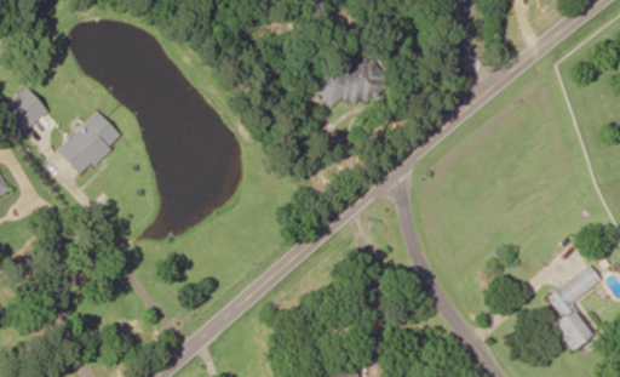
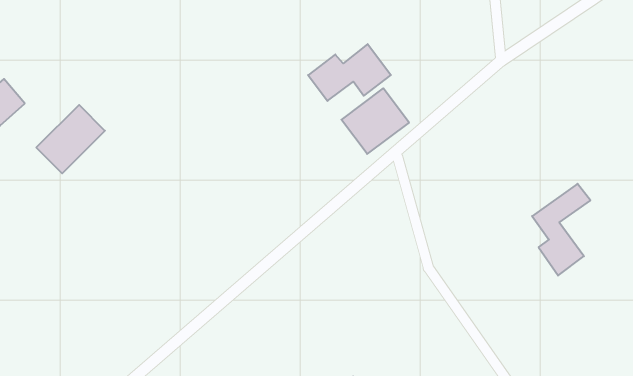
building: none -> [341,88,409,154]
building: [547,265,602,352] -> [532,184,590,276]

